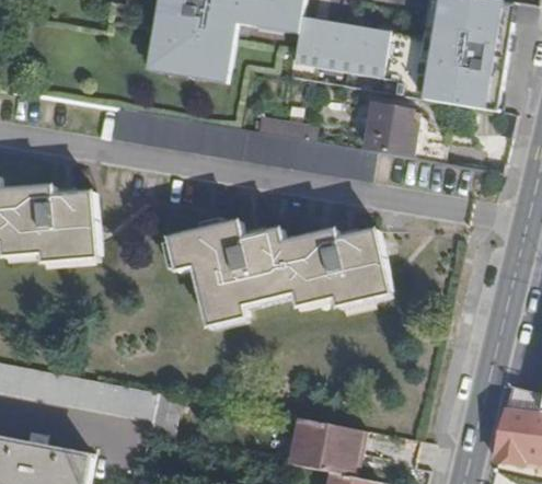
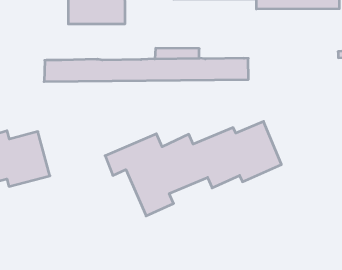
building: [366,107,413,158] -> none

